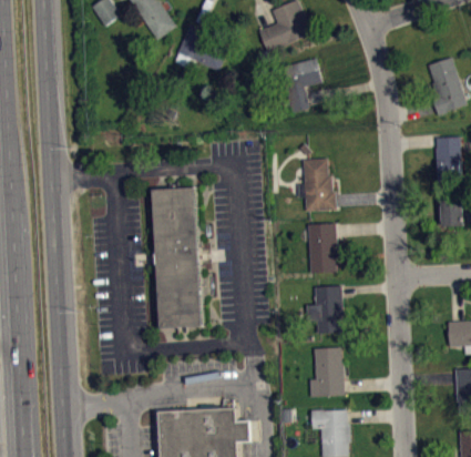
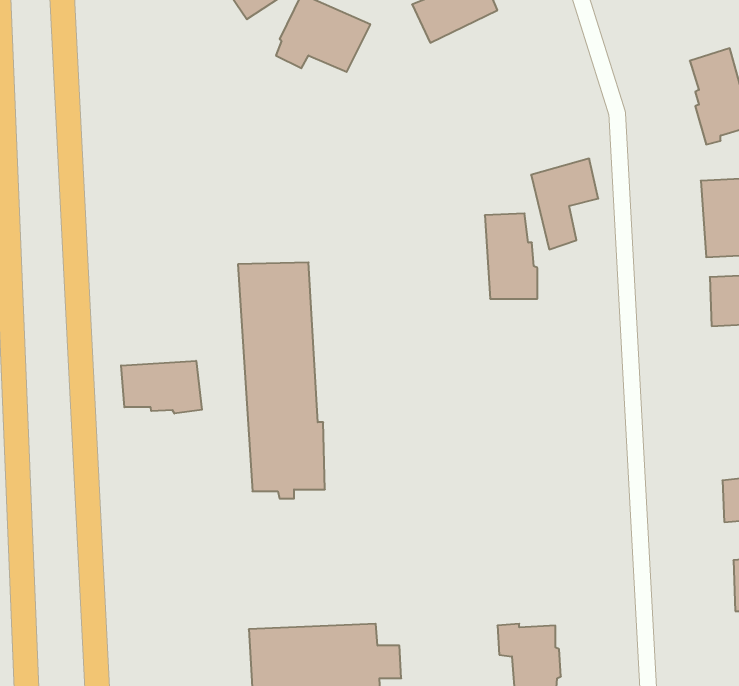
building: [279,57,320,112] -> [531,159,598,249]
building: [308,223,337,271] -> none
building: none -> [121,361,202,414]
building: [305,285,341,334] -> none
building: [308,346,344,395] -> none

